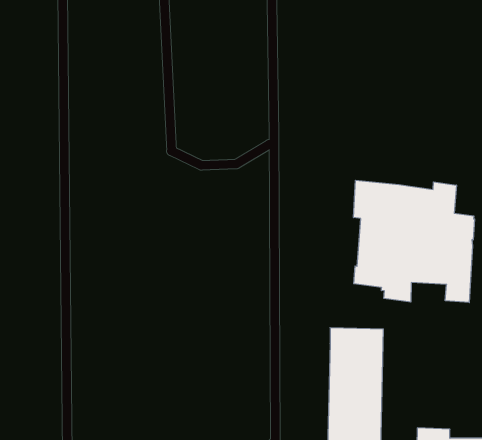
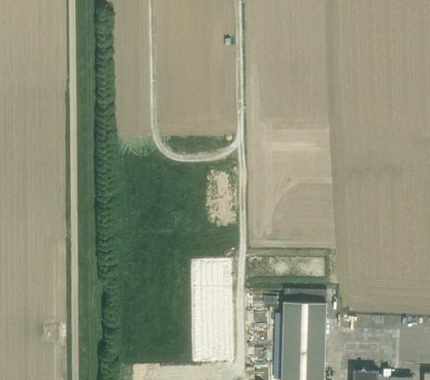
building: [354,180,475,303] -> none

